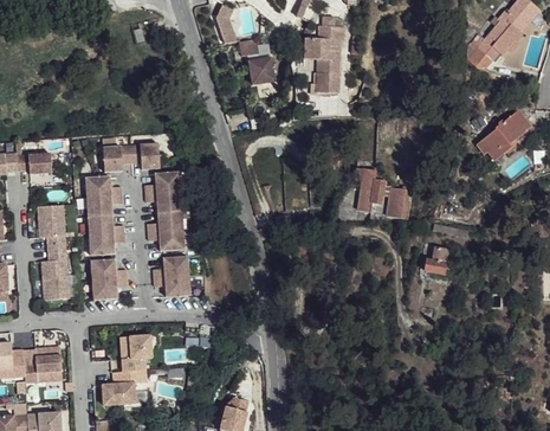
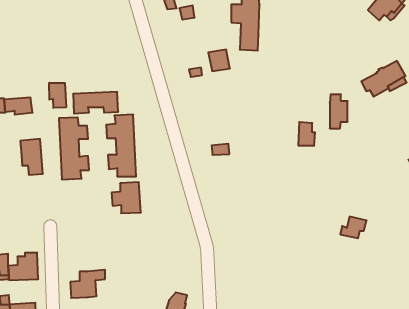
building: [248,56,276,83] -> [208,50,230,71]
building: none -> [49,83,66,108]
building: [360,165,382,207] -> [330,94,348,128]
building: [422,245,455,272] -> [340,217,367,238]
building: [43,249,70,301] -> none
building: [92,260,128,300] -> none
building: [122,335,153,372] -> none

